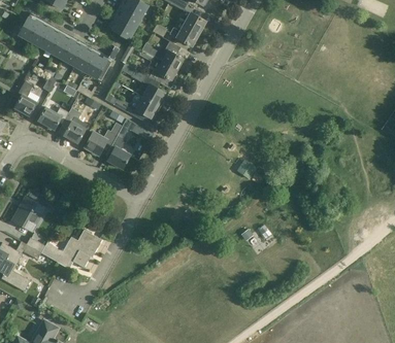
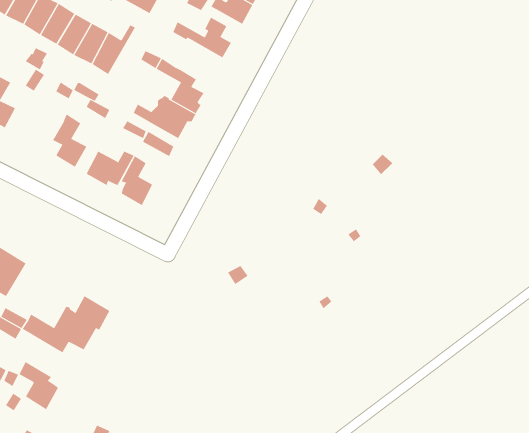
building: [147,56,177,83] -> none
building: [38,107,69,130] -> none
building: none -> [19,361,59,410]

